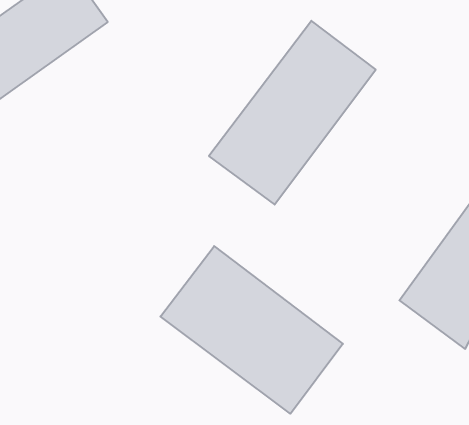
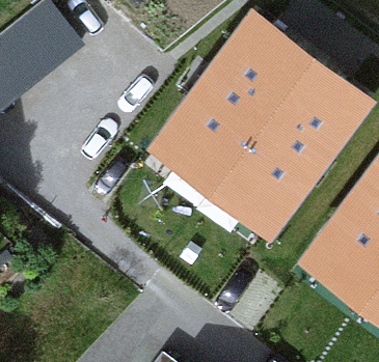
building: none -> [221,75,353,221]
building: [160,246,343,414] -> none

